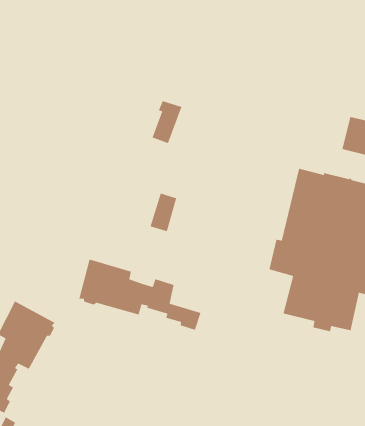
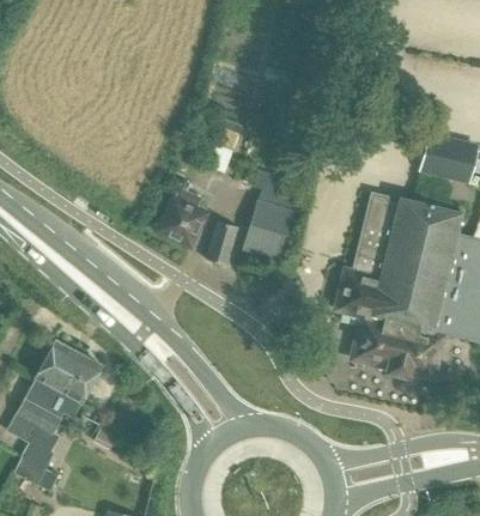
building: none -> [243,170,296,257]
building: none -> [157,180,205,245]
building: [77,258,201,331] -> none

